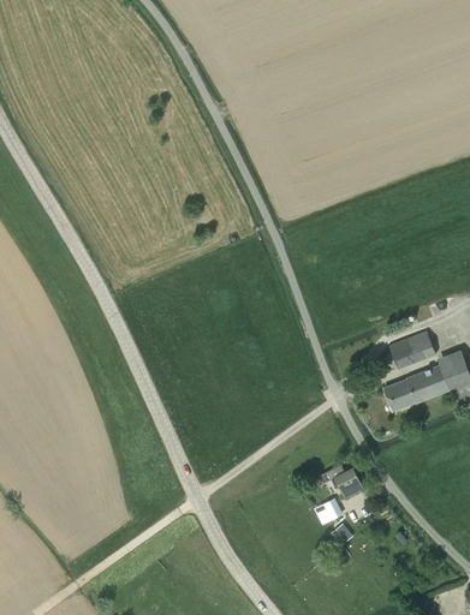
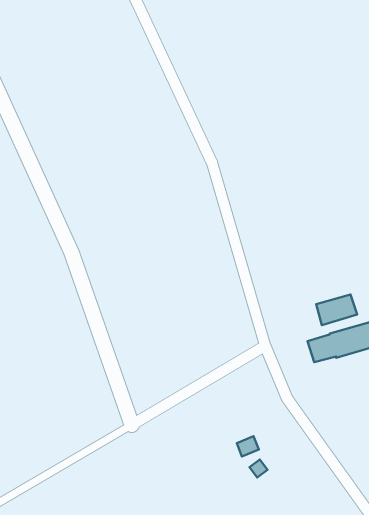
building: [317,462,362,496] -> none

